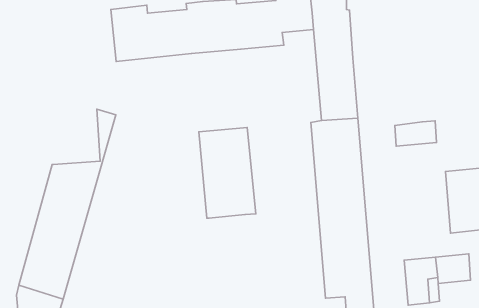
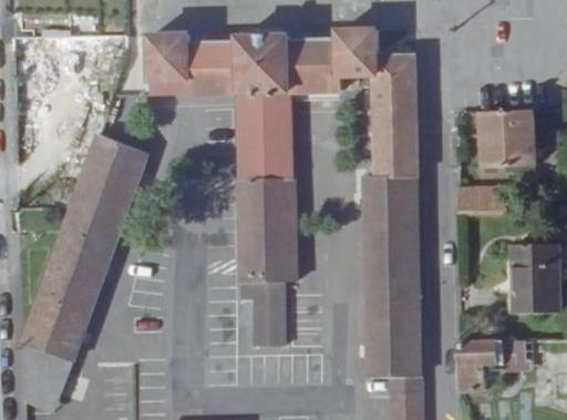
building: none -> [235,91,291,181]
building: none -> [480,109,534,165]
building: none -> [71,136,124,206]
building: none -> [241,277,284,344]

